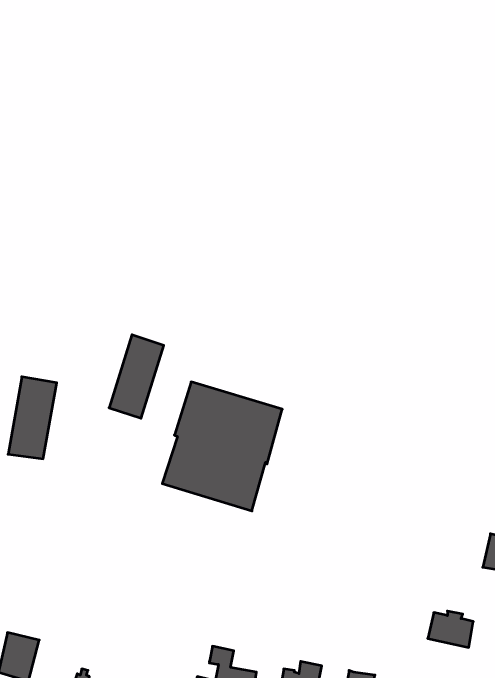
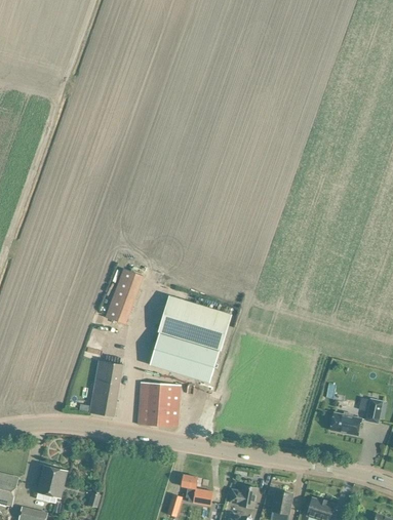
building: [8,377,57,459] -> [89,361,122,416]
building: none -> [136,384,180,428]
building: [428,611,473,647] -> [329,411,360,436]

